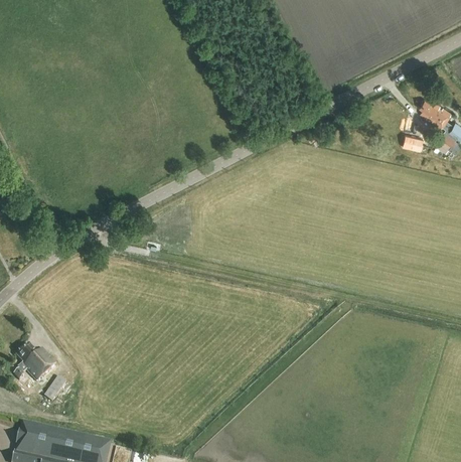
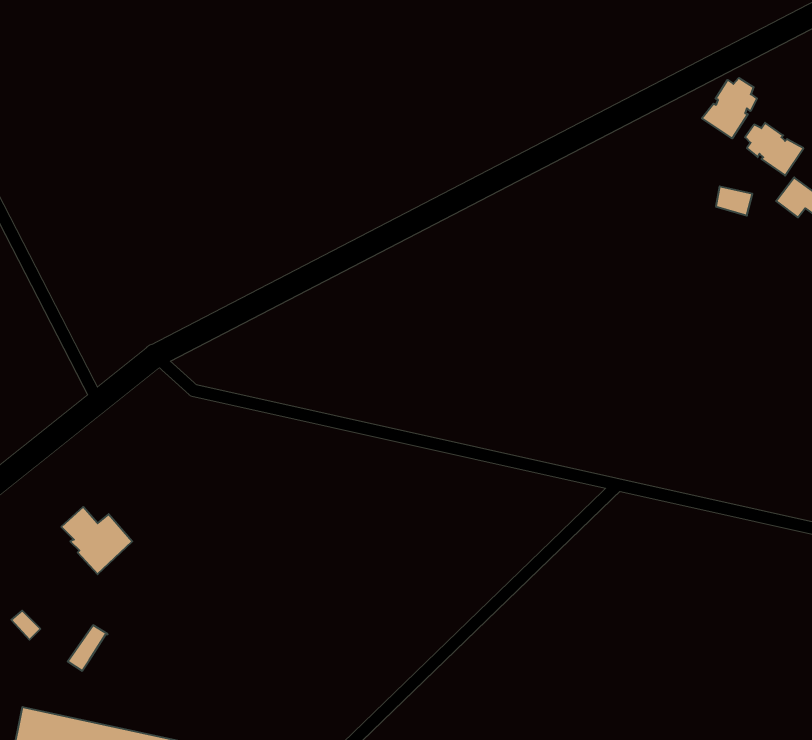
building: none -> [702,78,757,138]
building: [18,345,57,382] -> [61,507,132,574]

